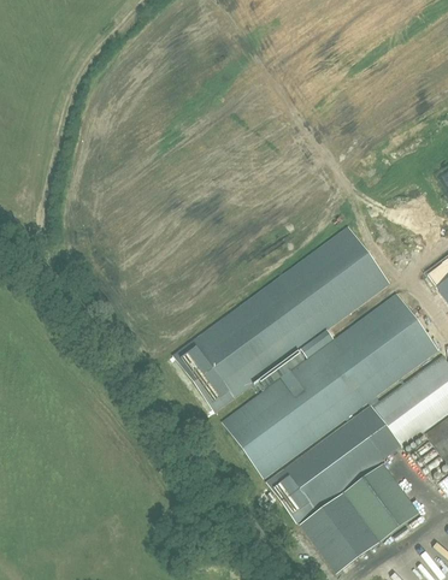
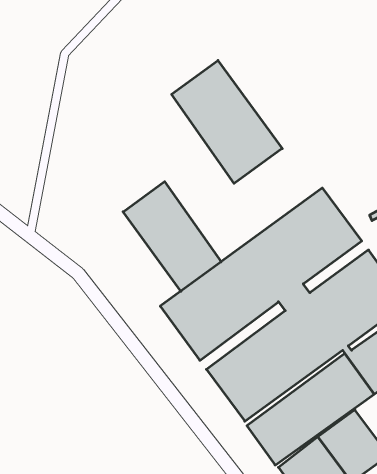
building: none -> [172,60,282,183]
building: none -> [123,182,221,291]

